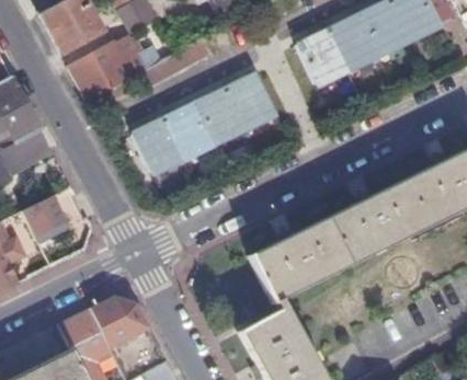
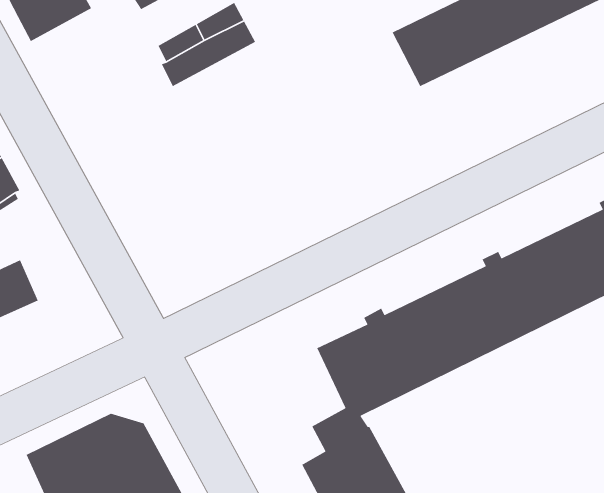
building: [70,35,147,101] -> none
building: [135,74,276,172] -> none

